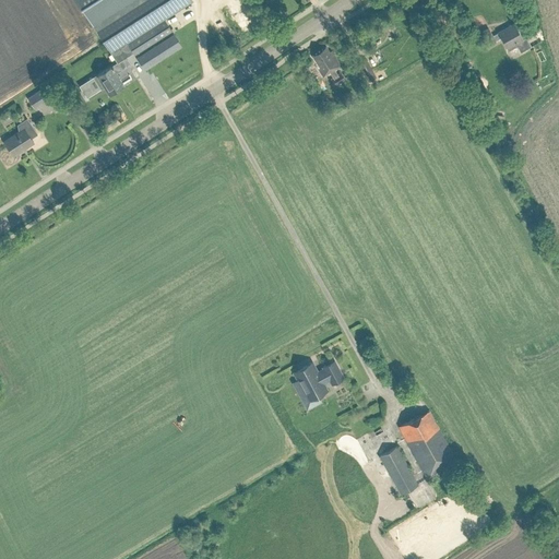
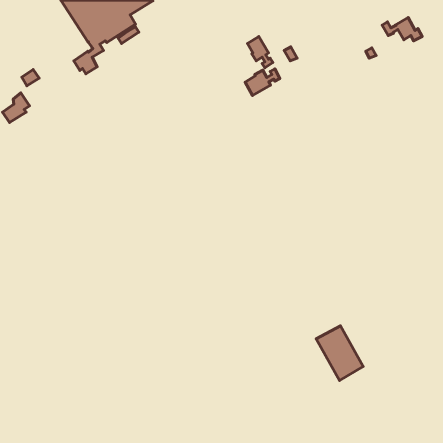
building: none -> [245,69,280,96]
building: [294,361,343,400] -> none
building: [380,447,418,495] -> none

